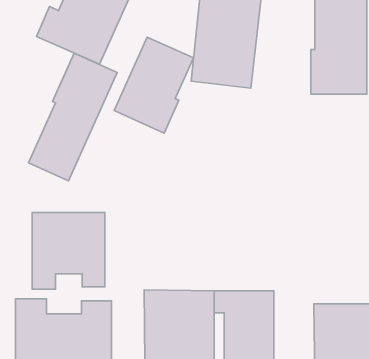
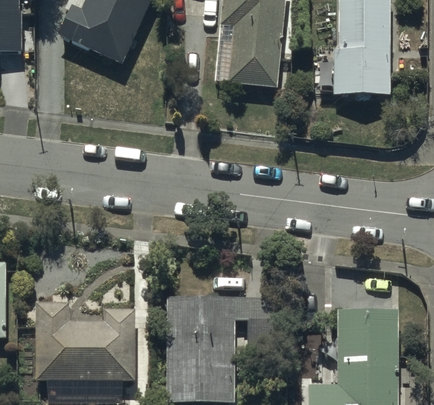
building: [114,37,194,133] -> none
building: [29,53,117,181] -> none
building: [32,213,105,289] -> none

